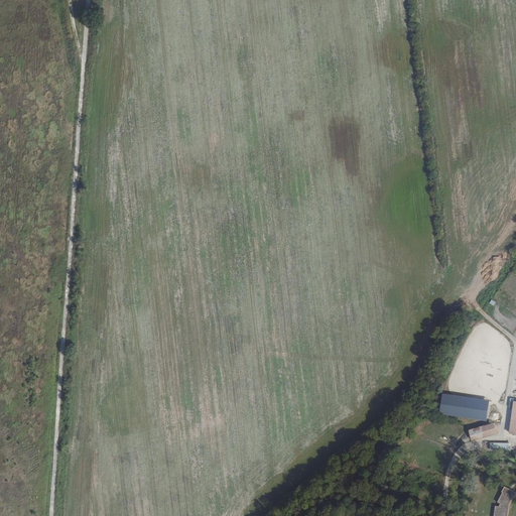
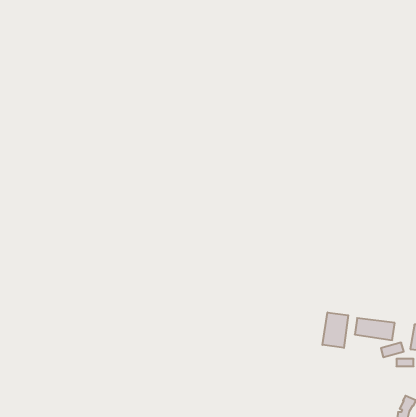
building: none -> [322,312,348,348]

